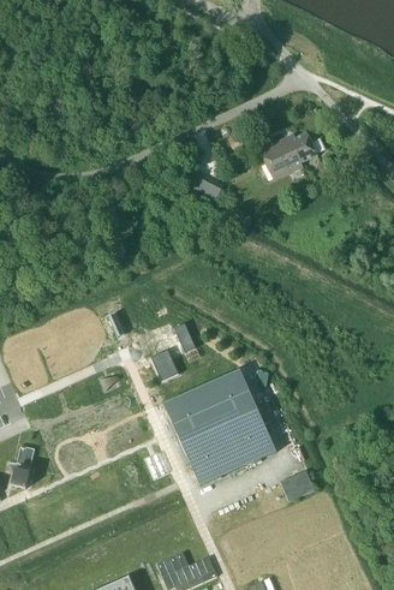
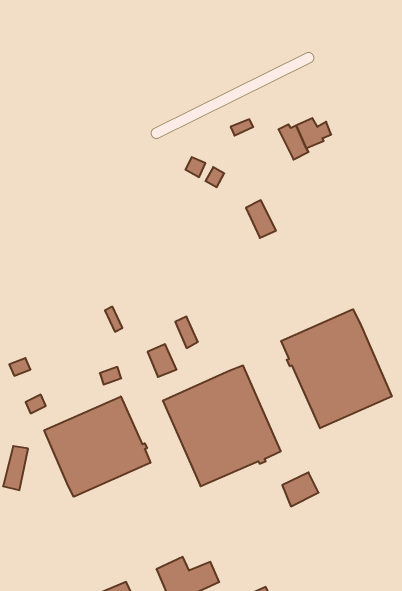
building: [259,143,288,179] -> [246,200,276,238]
building: none -> [281,309,392,428]
building: none -> [44,396,150,497]

